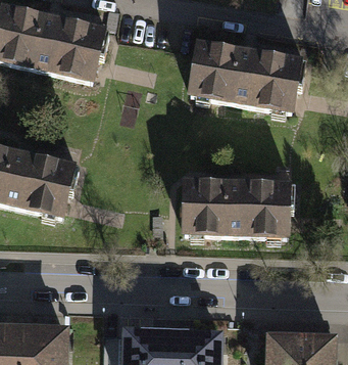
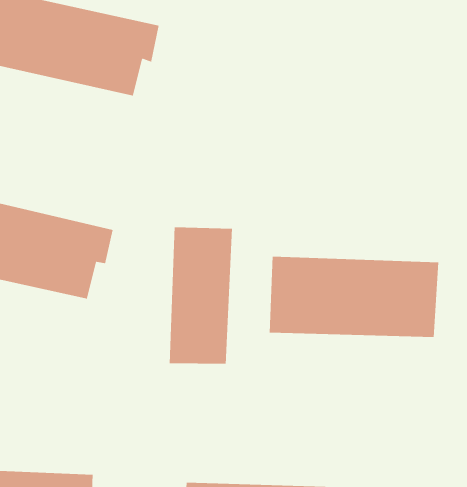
building: [187,45,305,112] -> none
building: none -> [169,226,232,365]

